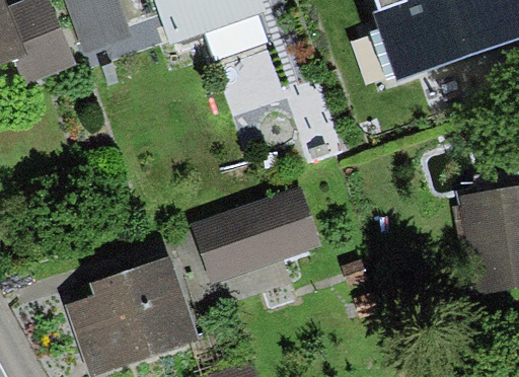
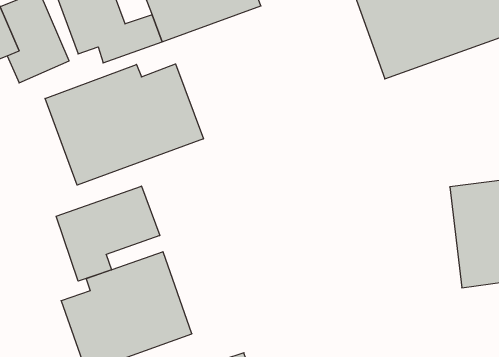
building: none -> [45,64,203,185]
building: [192,182,321,307] -> none
building: none -> [56,186,160,281]

